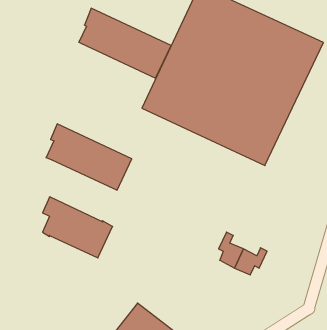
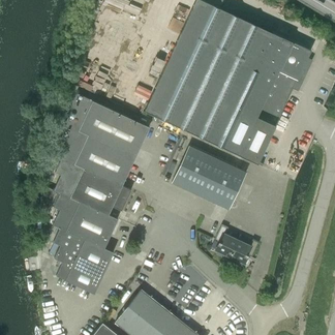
building: [79,8,171,78] -> [64,93,149,157]
building: none -> [171,146,246,210]
building: none -> [53,158,130,215]
building: none -> [53,227,113,294]

